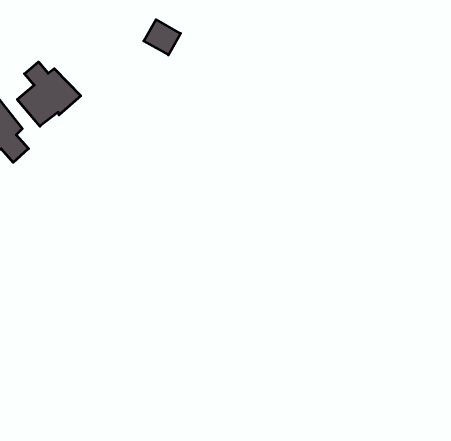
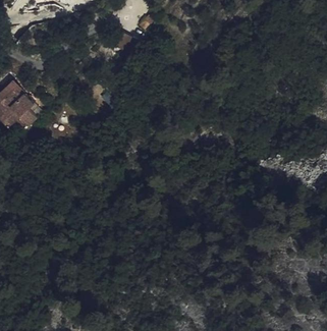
building: [17,62,81,126] -> none

